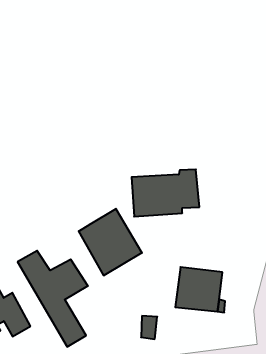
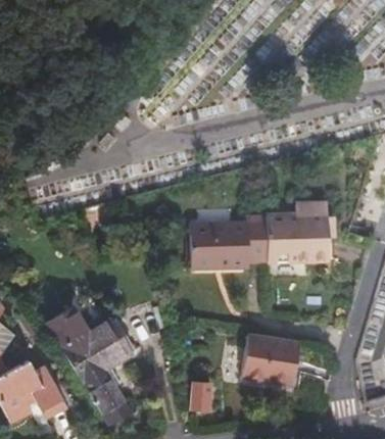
building: none -> [264,201,330,262]
building: [79,209,142,276] -> none

